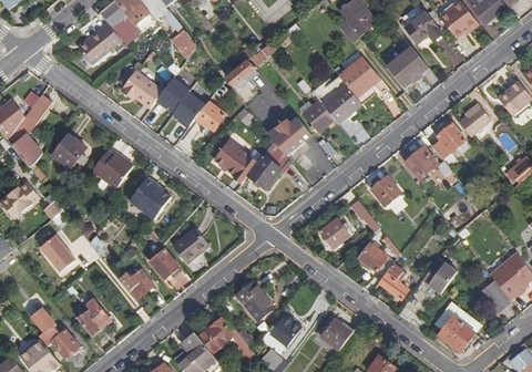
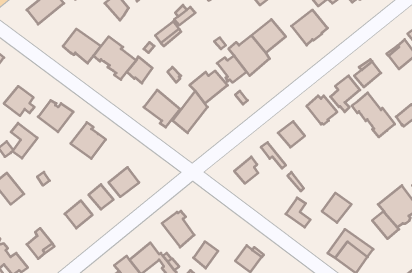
building: none -> [352,93,395,137]
building: none -> [11,123,37,158]
building: [358,244,393,276] -> none

